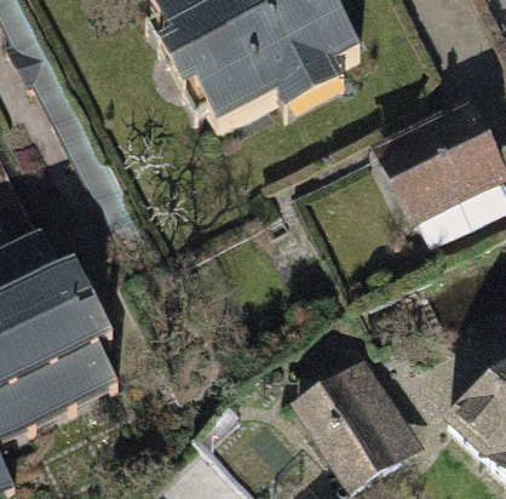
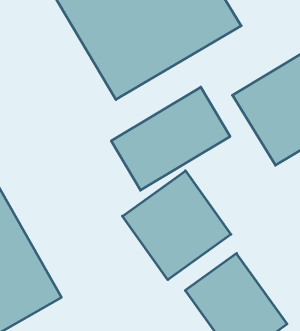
building: none -> [111,87,230,190]
building: none -> [122,171,231,280]

